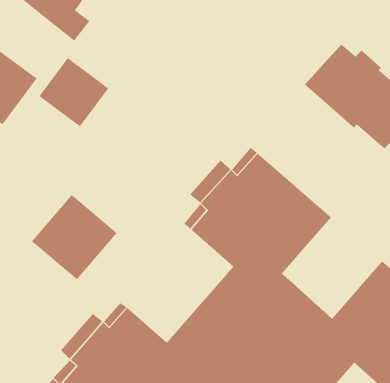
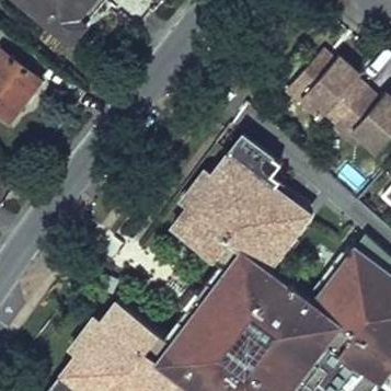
building: [38,57,109,127] -> none
building: [31,194,118,280] -> none

